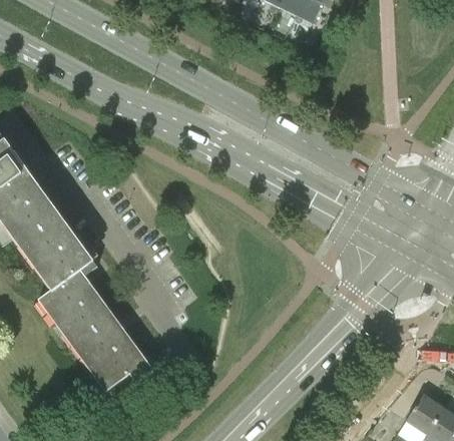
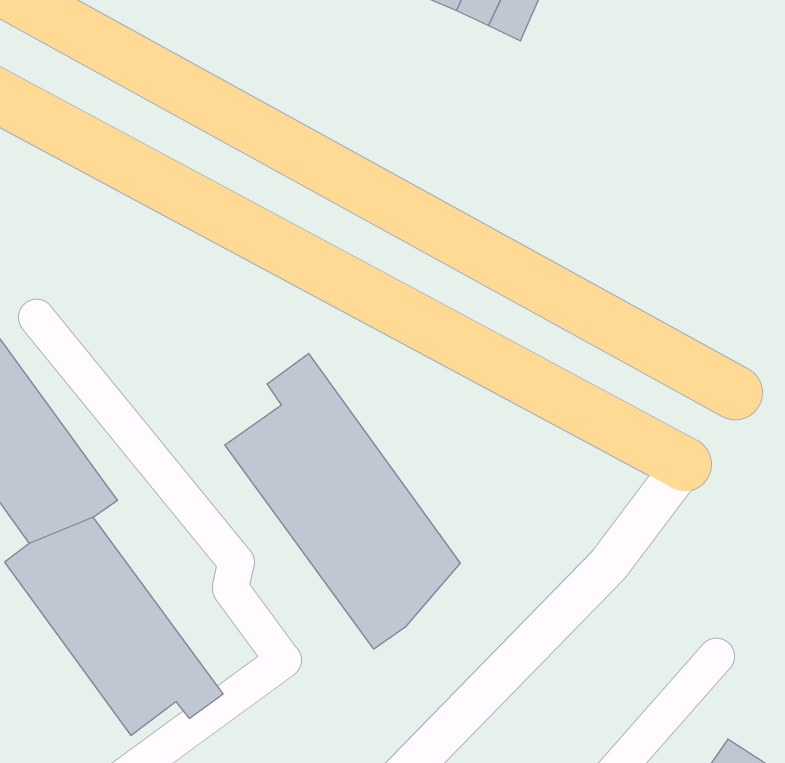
building: none -> [225,353,460,649]

